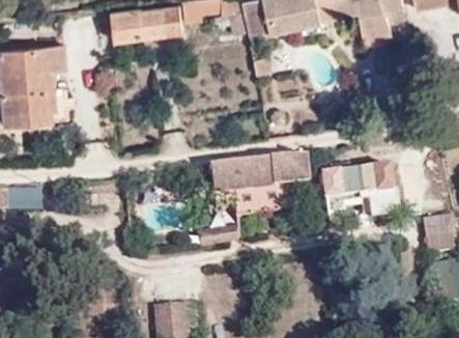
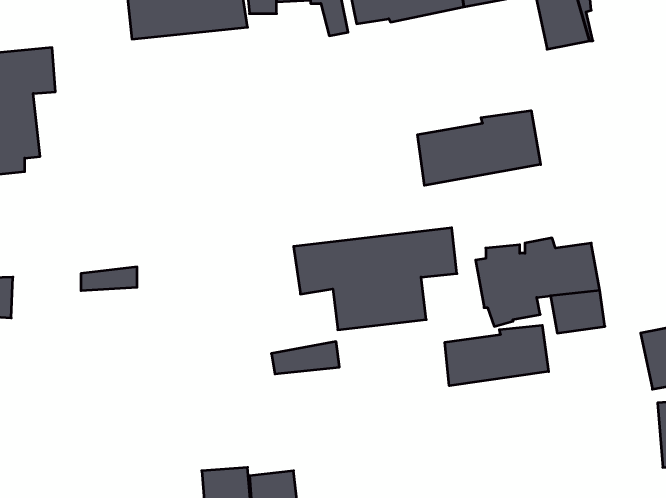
building: none -> [418,111,541,185]
building: none -> [445,325,549,386]

